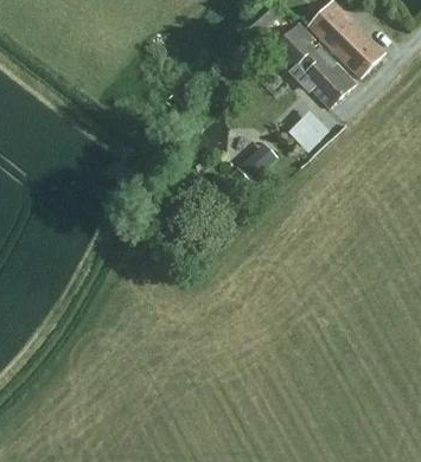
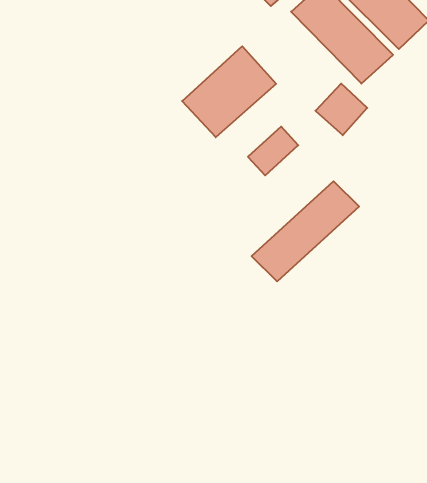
building: none -> [182,46,276,137]
building: none -> [252,181,359,281]

